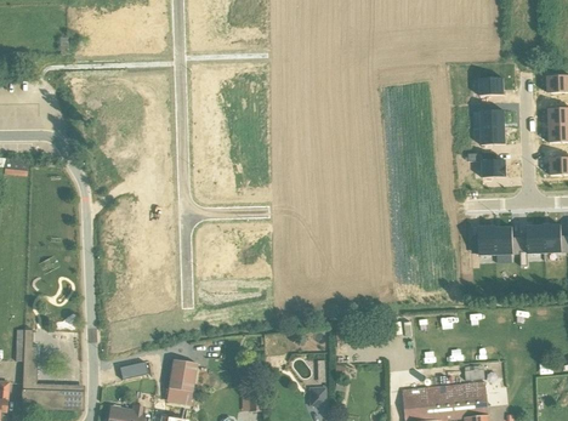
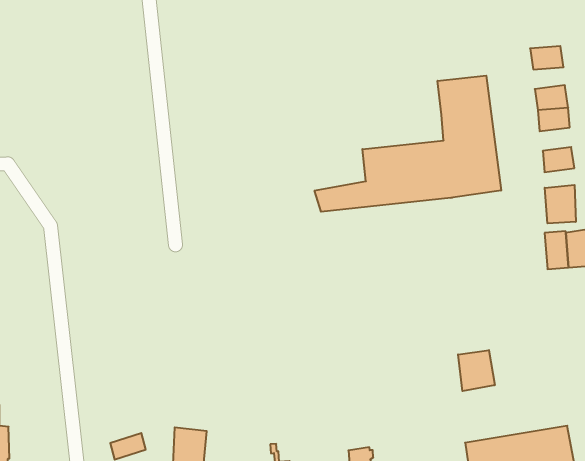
building: none -> [315,76,501,212]
building: none -> [545,185,576,223]
building: none -> [458,350,495,391]

